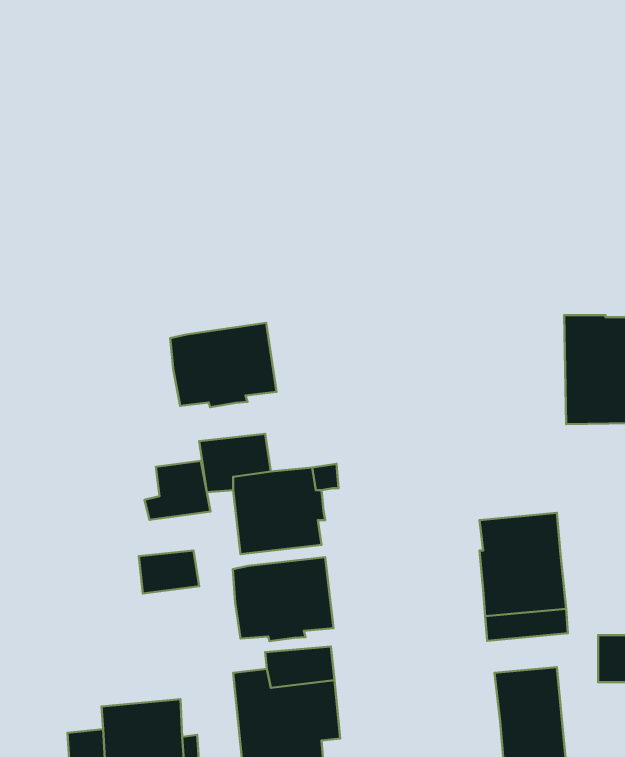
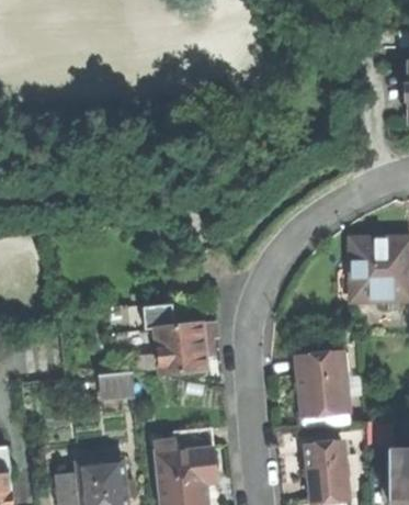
building: [170,323,276,407] -> none
building: [144,461,210,520] -> none
building: [233,557,333,641] -> none

